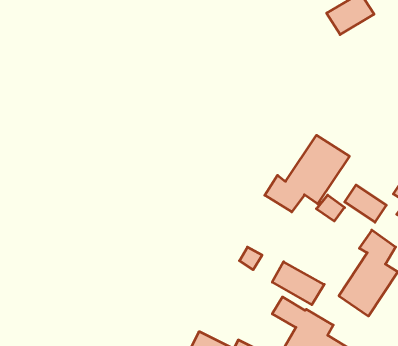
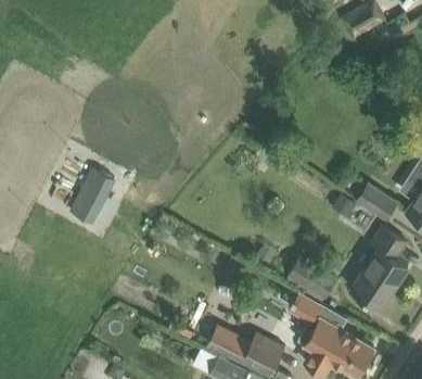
building: [265,135,349,212] -> none
building: none -> [68,179,110,224]

